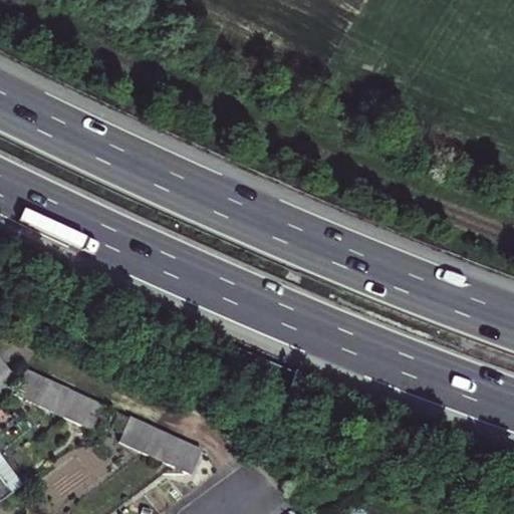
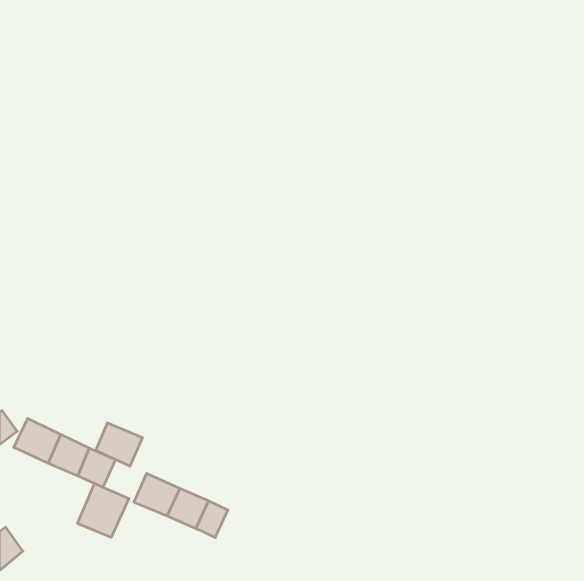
building: none -> [96,423,142,466]
building: none -> [78,484,129,537]

